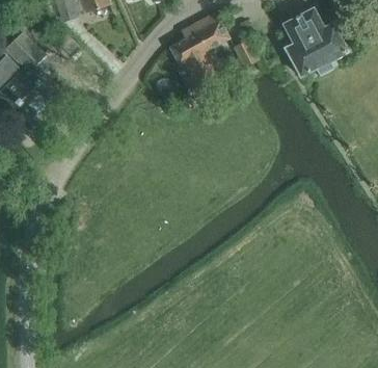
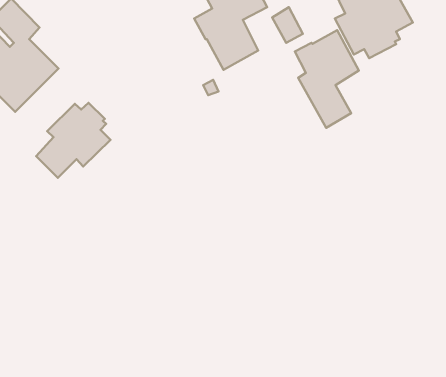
building: none -> [295,30,359,128]
building: none -> [36,103,110,178]

